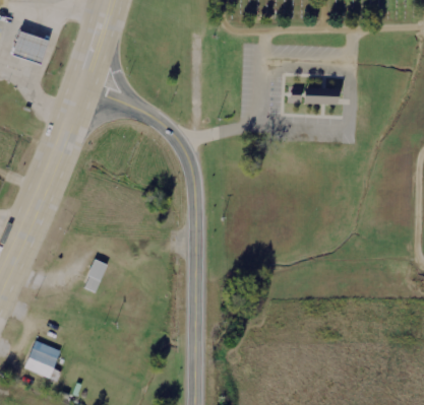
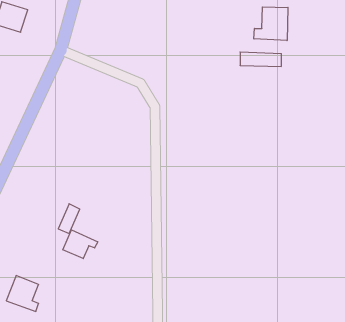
building: none -> [254,7,288,41]
building: none -> [63,230,98,259]

